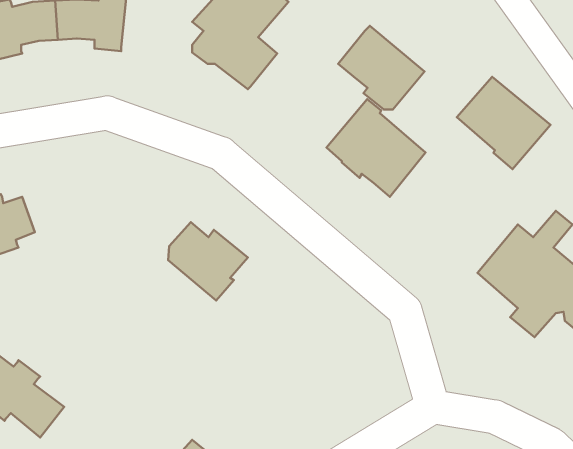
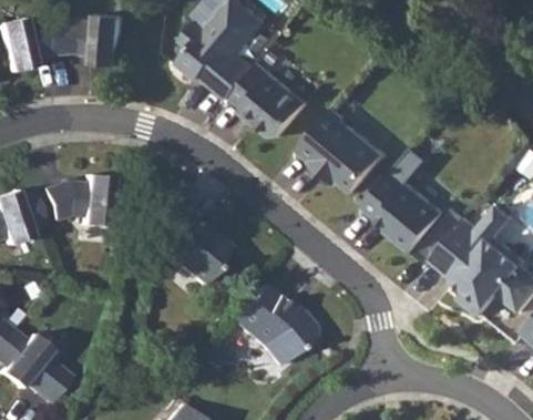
building: [338,26,424,109] -> [232,63,307,136]
building: [457,77,551,169] -> [362,171,444,252]
building: none -> [42,176,109,227]
building: none -> [232,284,315,366]

